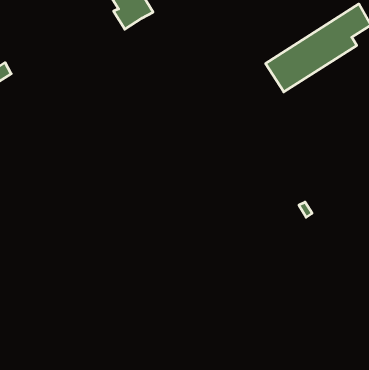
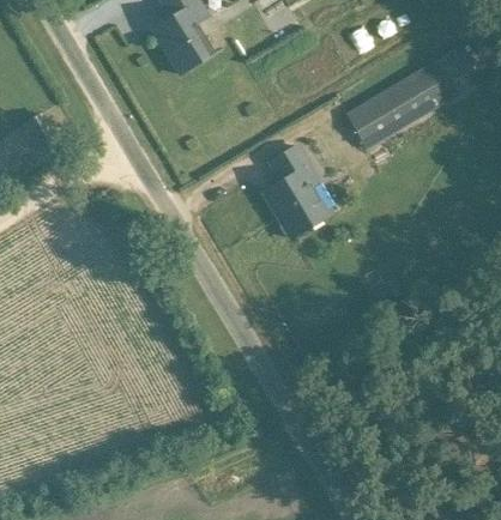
building: none -> [268,144,325,236]

